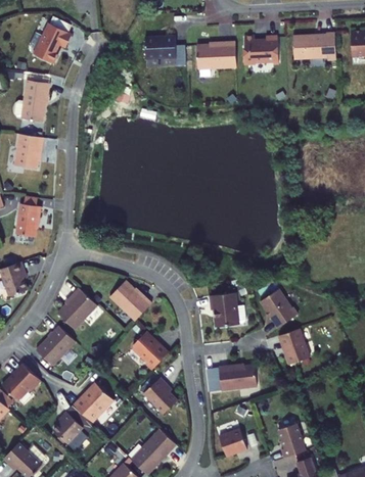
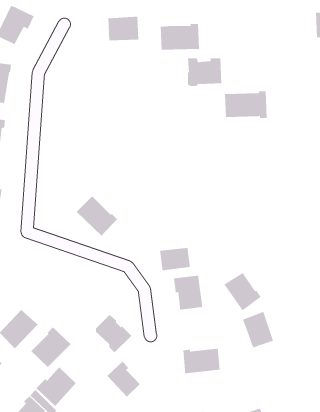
building: [292,32,335,59] -> [224,91,267,118]
building: [243,36,278,64] -> [187,58,222,87]
building: none -> [159,247,191,271]
building: [109,280,151,321] -> [76,196,118,237]
building: [56,288,97,329] -> [30,327,71,368]

